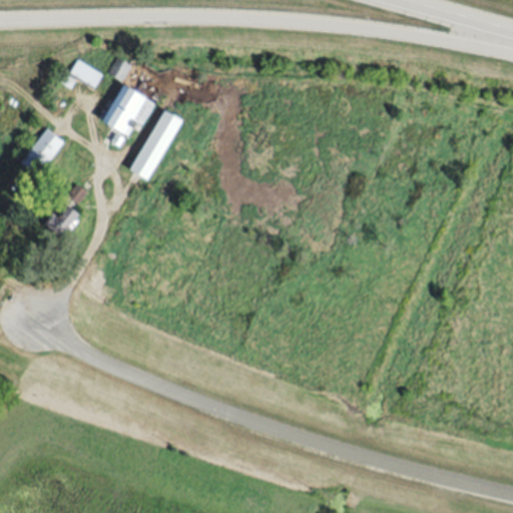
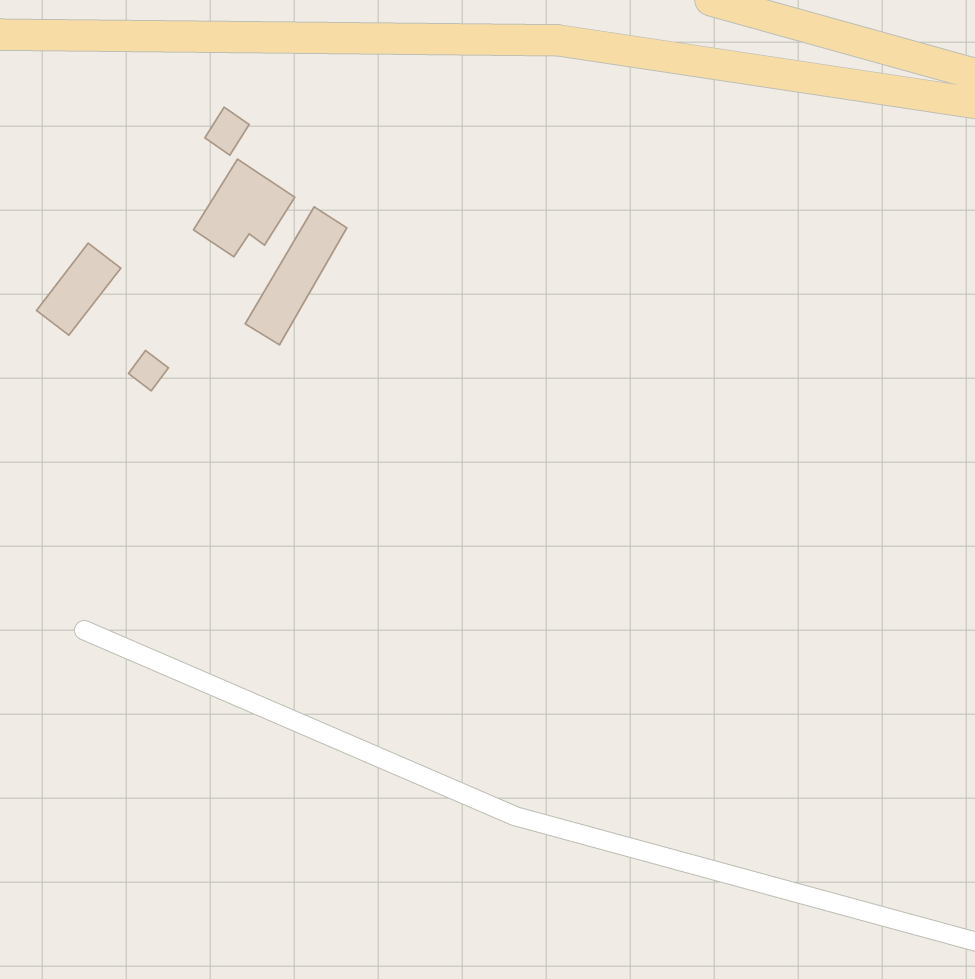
building: [70,58,105,89] -> none
building: [46,200,82,235] -> none

